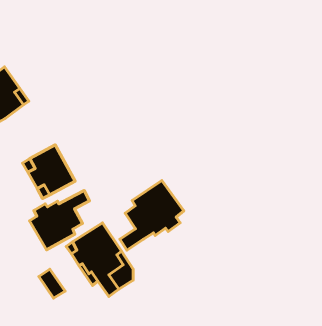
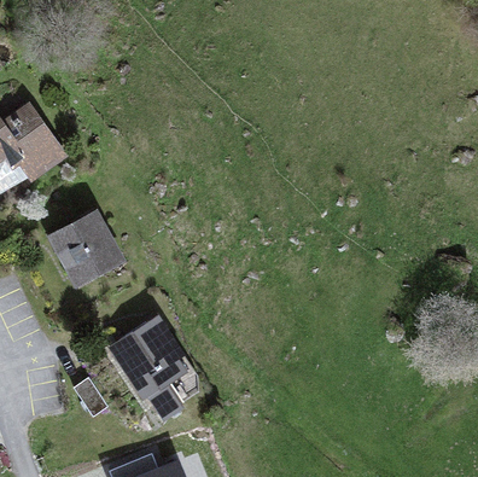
building: [120,180,184,250] -> none
building: [30,190,89,250] -> none

